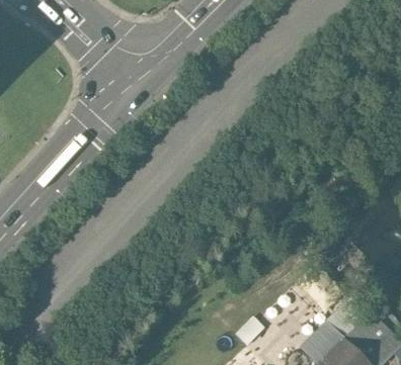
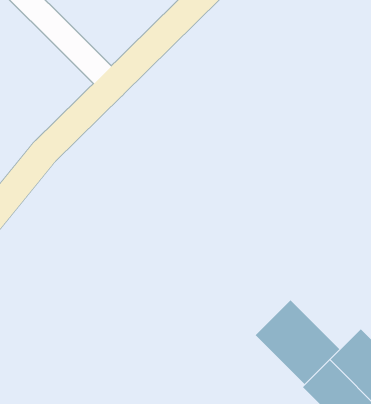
building: none -> [255,299,340,385]

